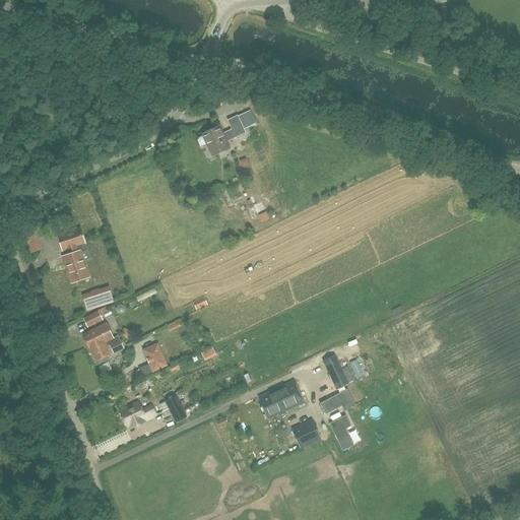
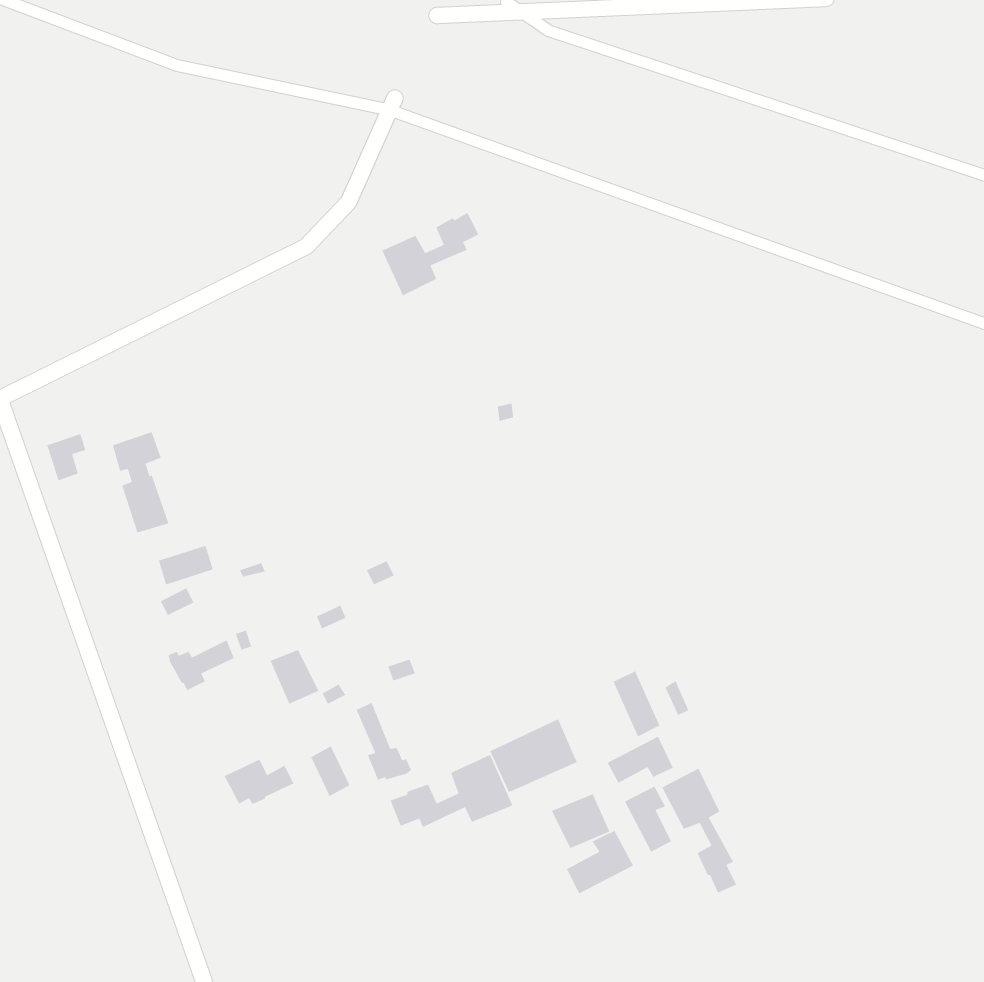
building: [83,322,120,349] -> none
building: none -> [356,702,412,781]
building: none -> [389,754,514,828]
building: none -> [661,768,737,894]
building: none -> [566,830,634,895]

